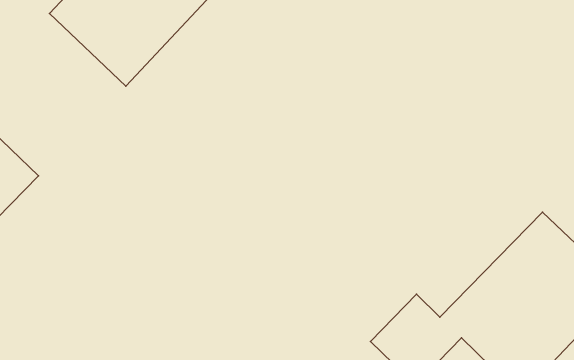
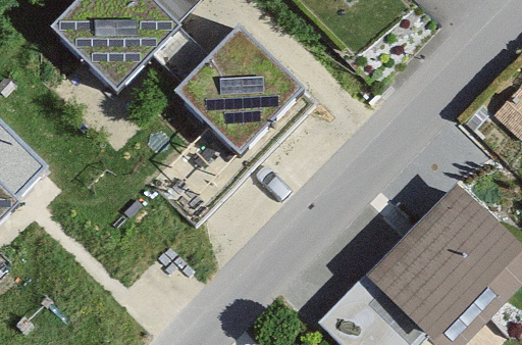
building: none -> [172,27,297,150]

